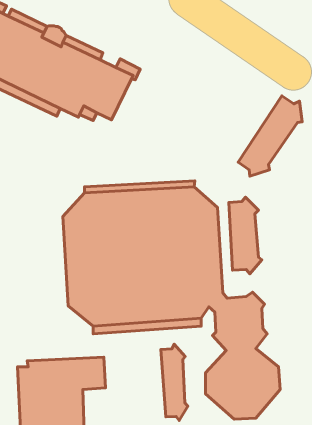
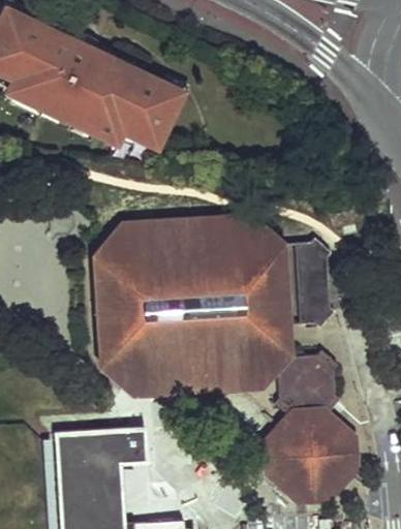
building: [238,96,302,176] -> none
building: [161,344,188,420] -> none

